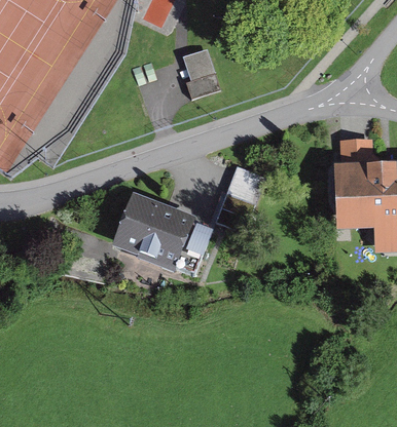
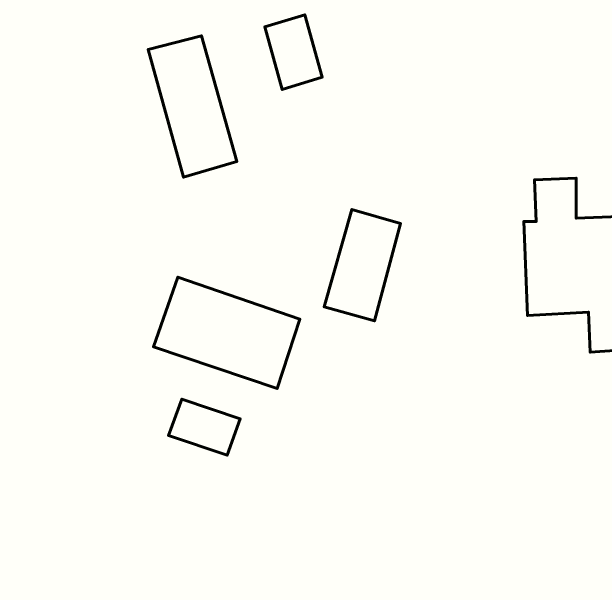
building: none -> [148,36,237,177]
building: none -> [169,399,240,455]

